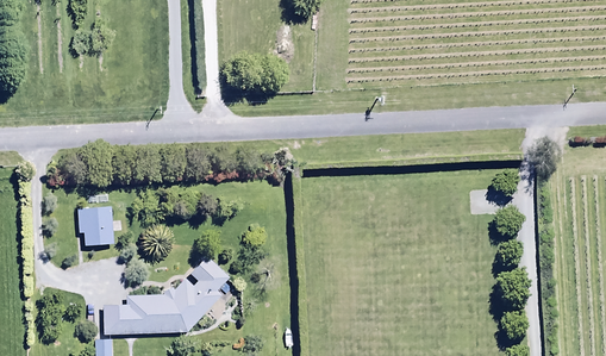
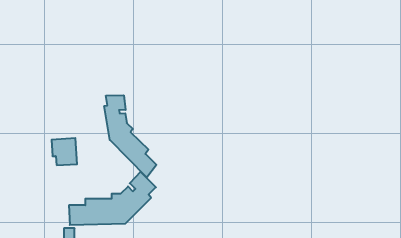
building: none -> [104,95,156,177]

